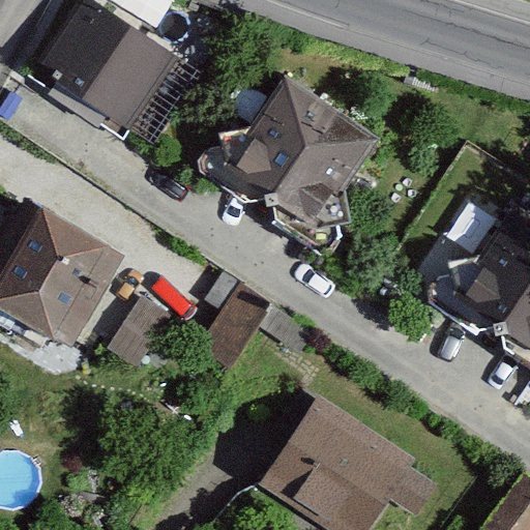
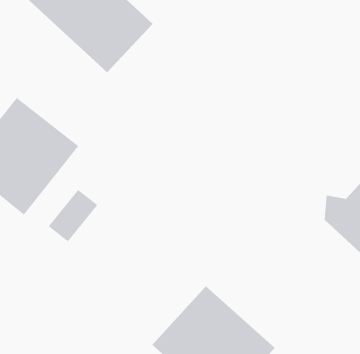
building: [224,78,375,226] -> none

